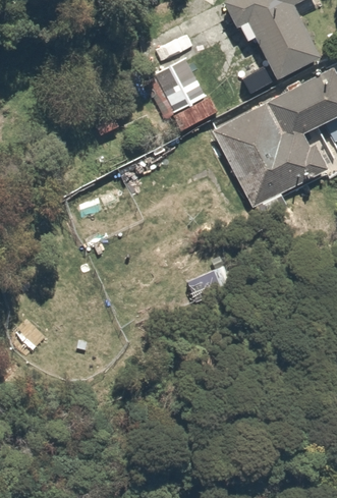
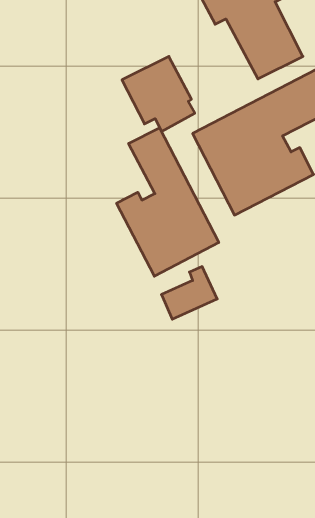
building: none -> [117,128,219,276]

